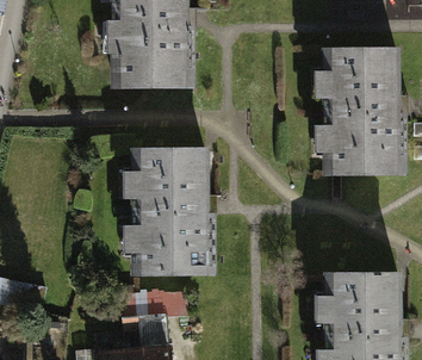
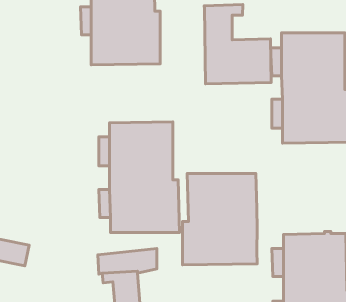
building: none -> [204,5,271,84]
building: none -> [183,173,257,265]

